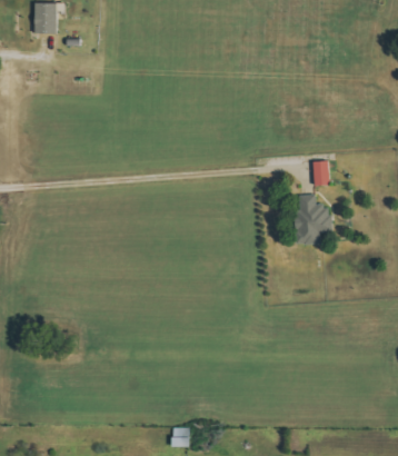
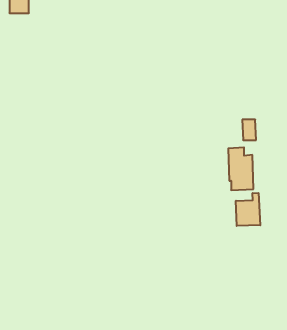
building: none -> [236,193,260,226]

